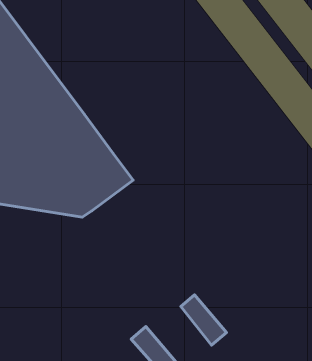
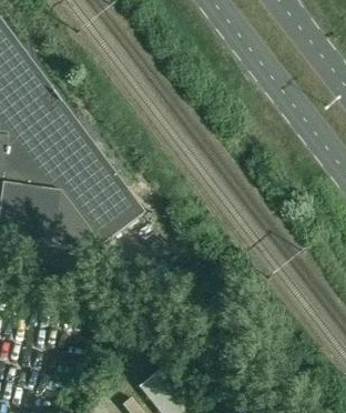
building: [181,295,226,345] -> none

